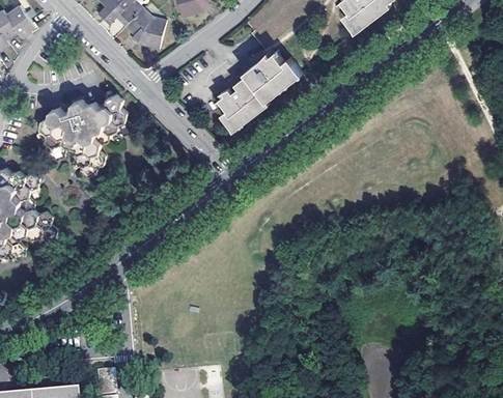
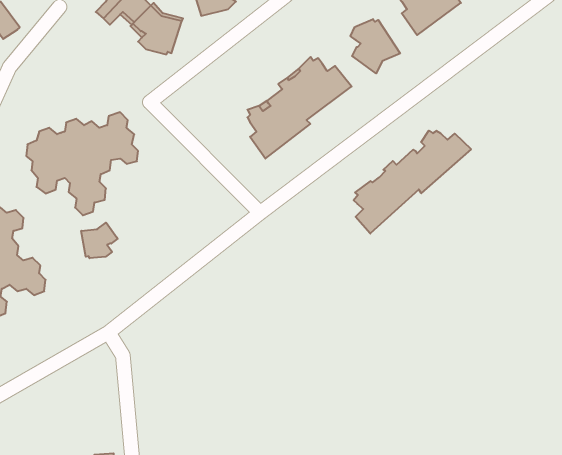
building: none -> [350,19,400,73]
building: none -> [354,131,471,234]
building: none -> [81,223,118,258]

